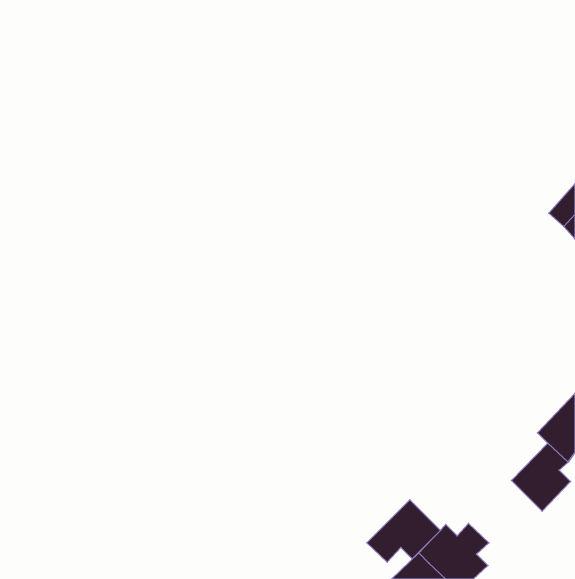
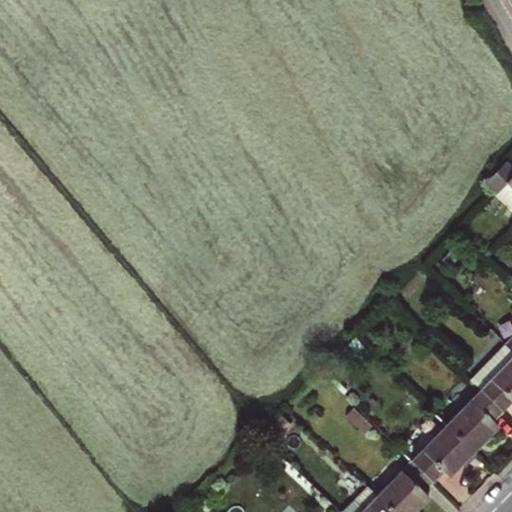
building: [367,500,440,562] -> [414,424,479,479]

